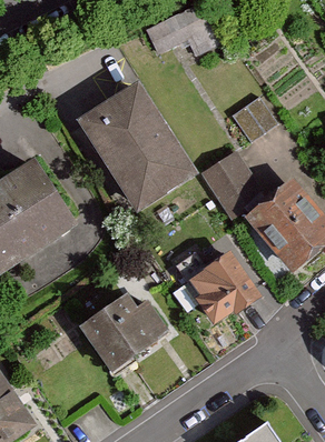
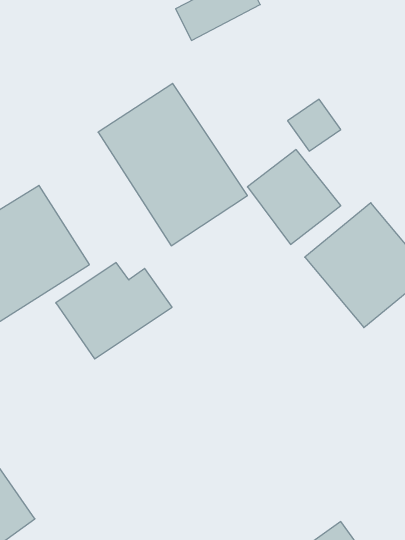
building: [189,252,260,328] -> none
building: [77,295,167,370] -> [56,263,172,359]

